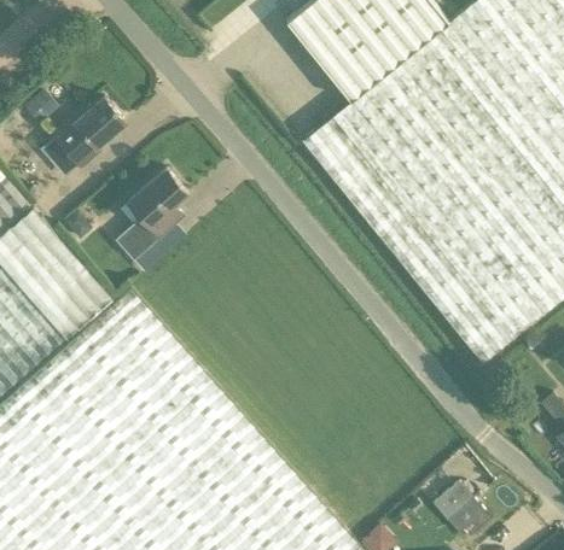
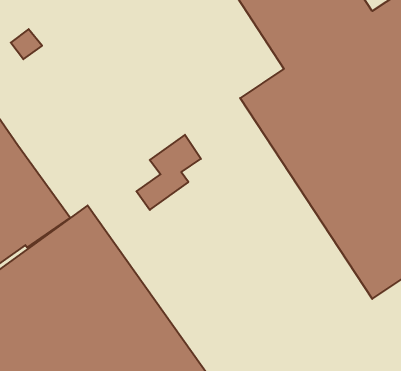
building: [52,99,124,169] -> none
building: [115,170,187,263] -> [136,135,201,210]

